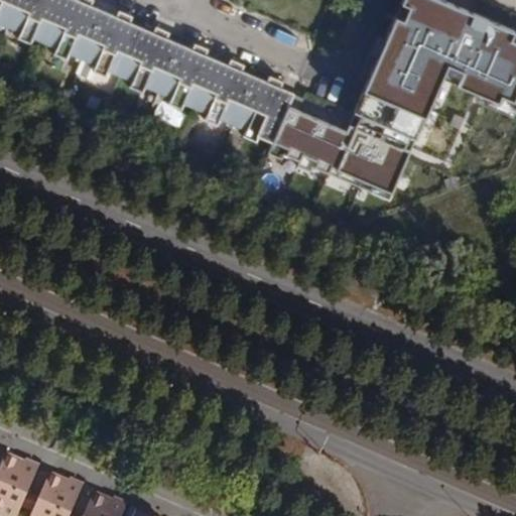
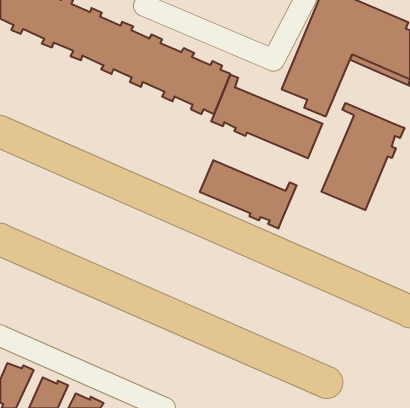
building: none -> [321,103,404,210]
building: none -> [200,160,297,229]

